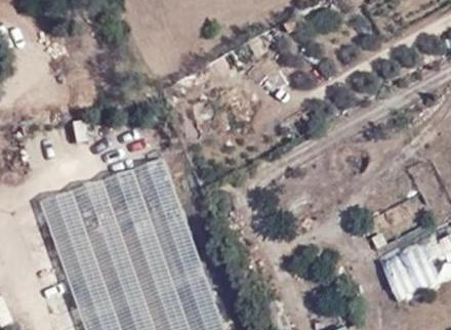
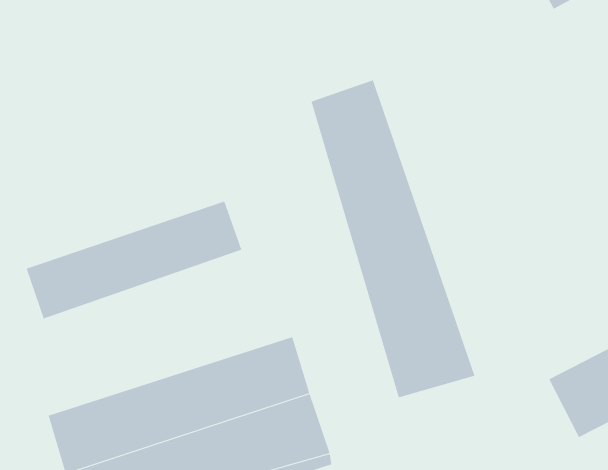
building: none -> [311,80,475,398]
building: [35,187,191,271] -> none

